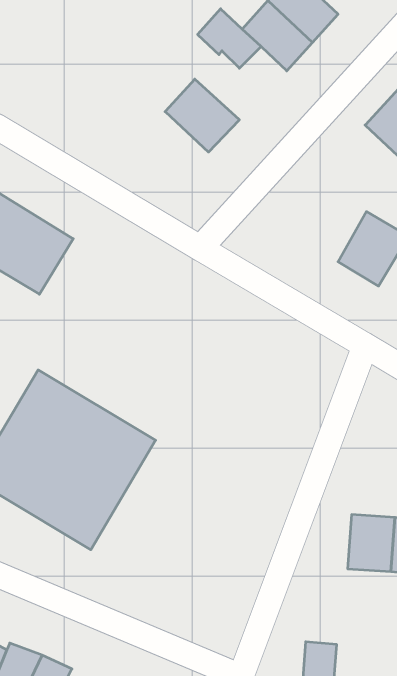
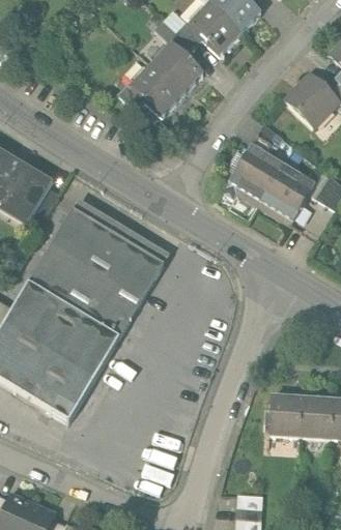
building: none -> [151,39,205,92]
building: none -> [228,121,292,201]
building: none -> [31,211,165,337]

